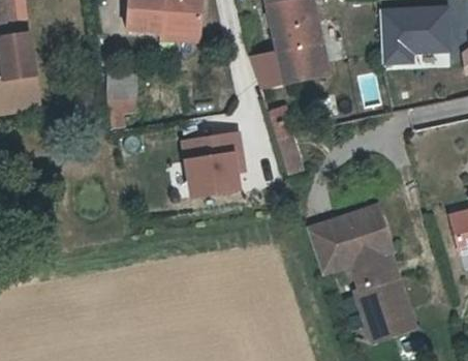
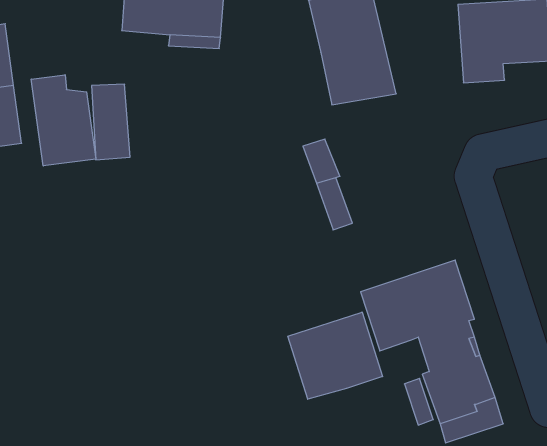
building: [251,46,285,88] -> none
building: none -> [31,75,96,166]
building: [180,131,245,198] -> none
building: none -> [288,312,383,399]

